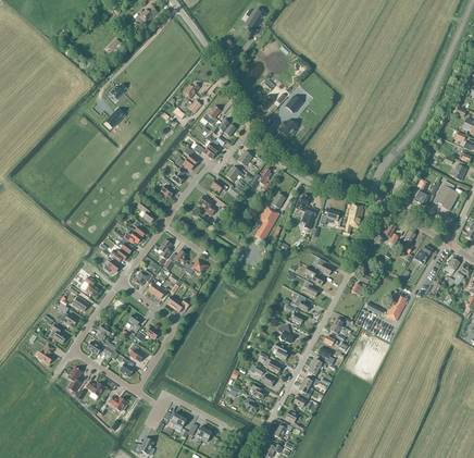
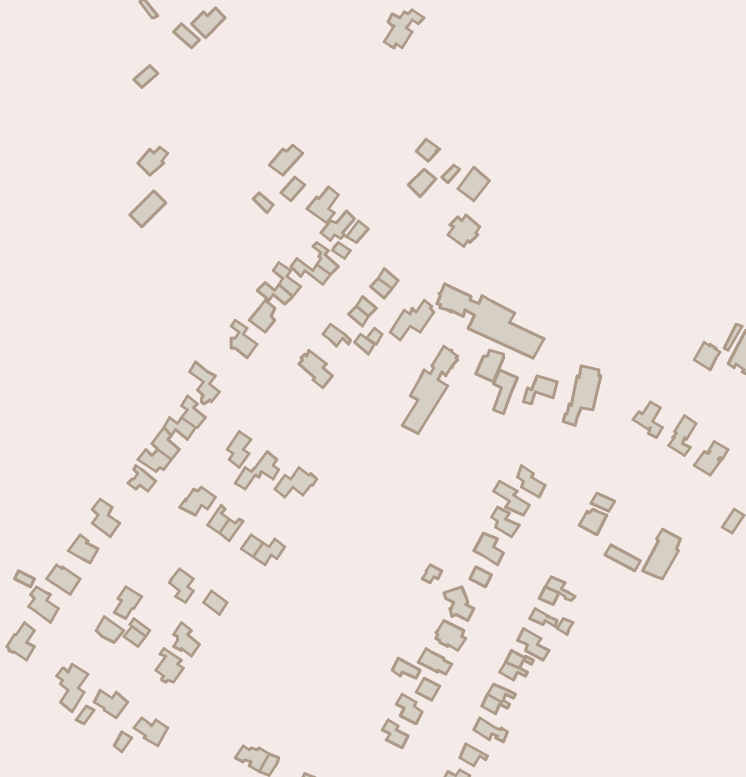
building: none -> [437,284,544,358]

